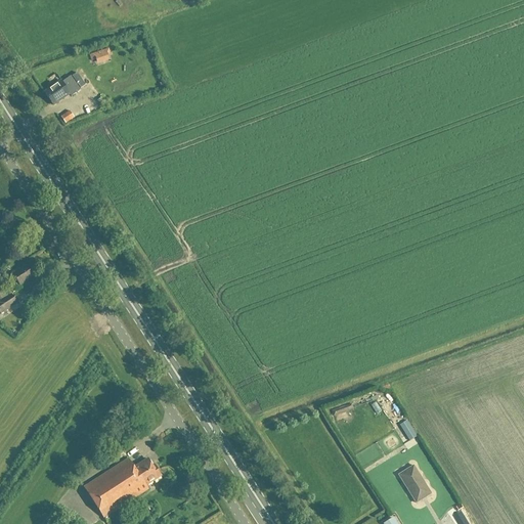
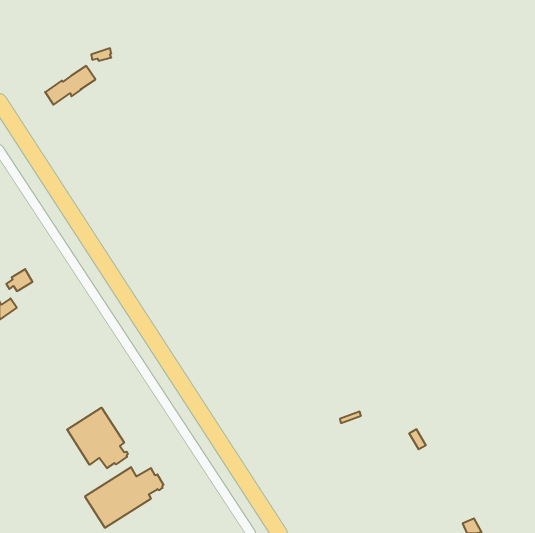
building: none -> [67,408,128,468]
building: [397,464,430,501] -> none

